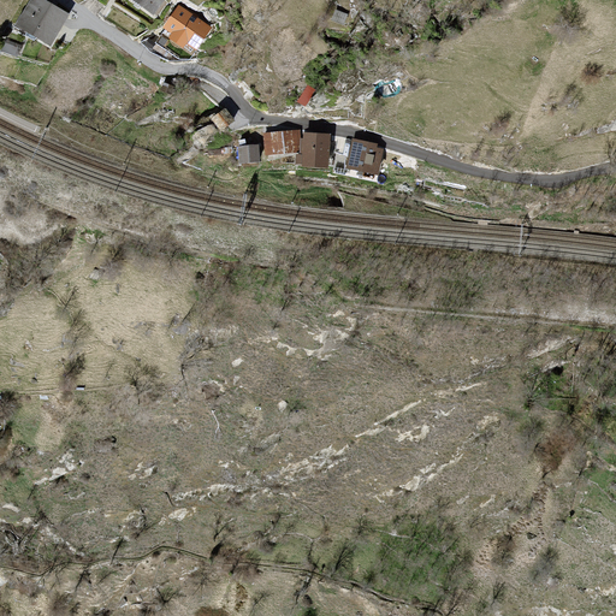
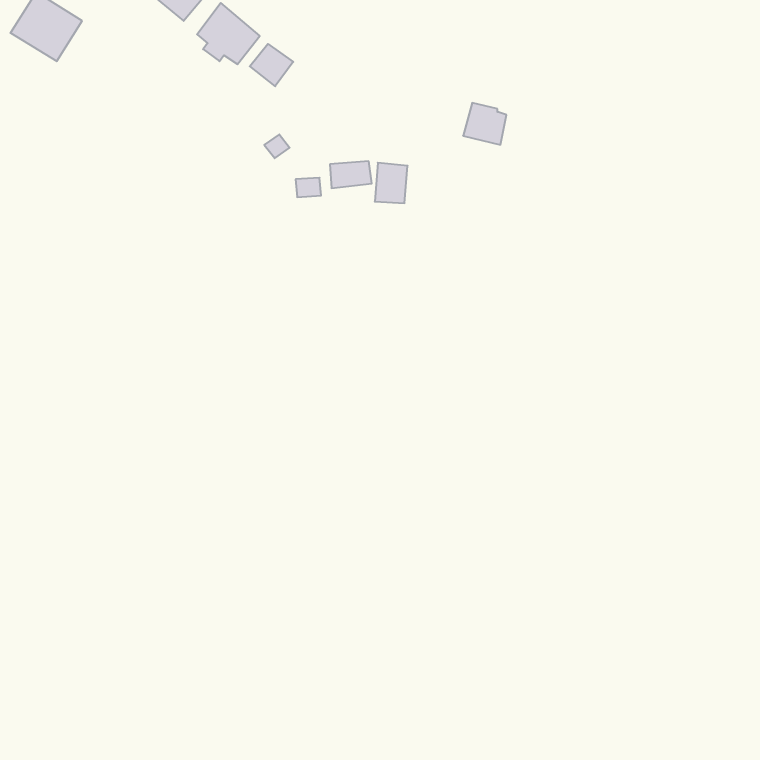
building: none -> [250,44,293,86]
building: [349,138,384,172] -> [463,103,506,145]

